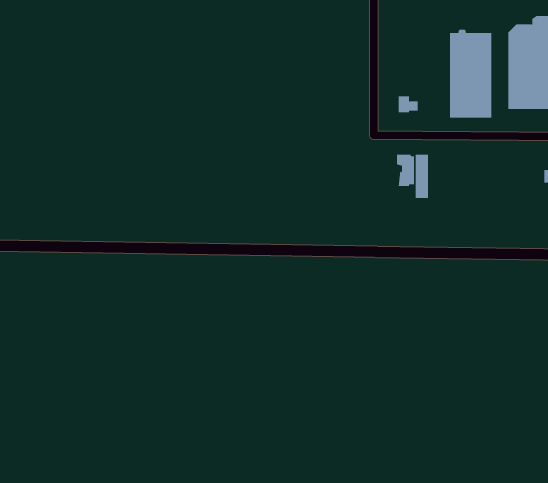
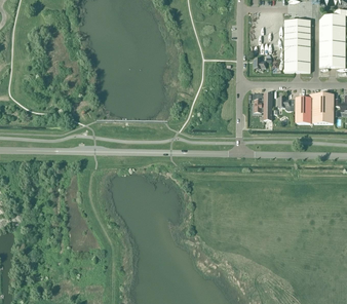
building: none -> [278,93,334,123]

